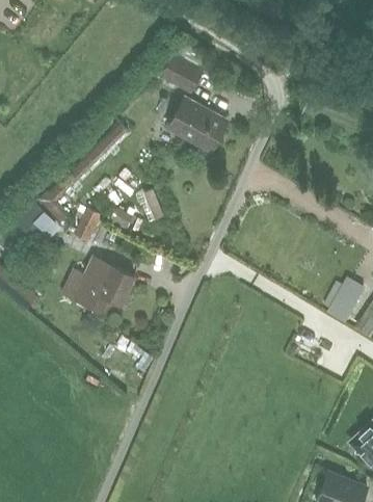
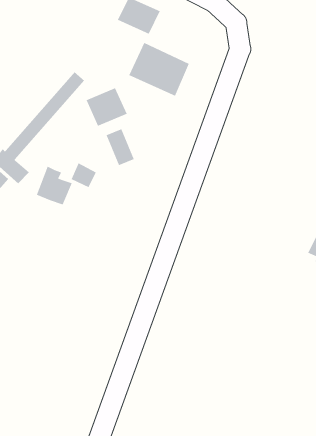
building: none -> [86,87,128,127]
building: [61,264,134,315] -> none

